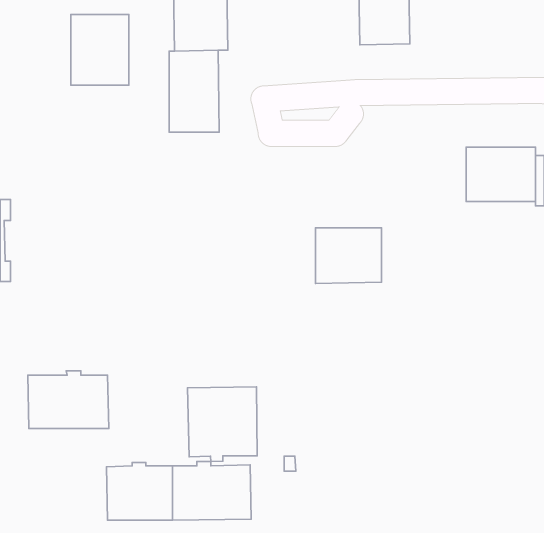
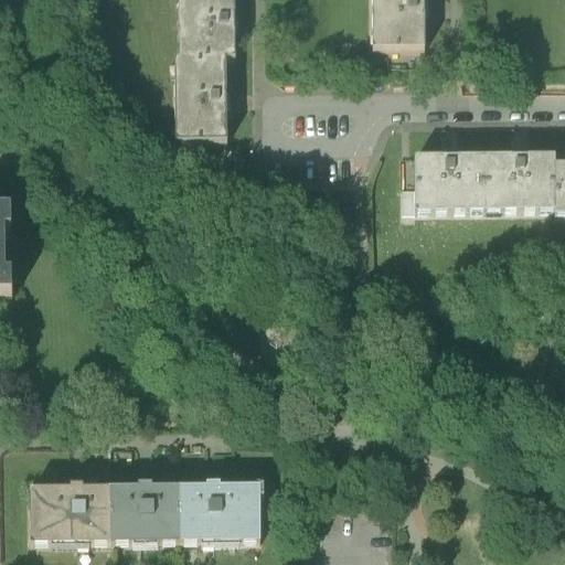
building: [71,14,129,85] -> none
building: [316,228,382,283] -> [415,152,483,210]
building: [28,371,109,429] -> [28,479,111,539]
building: [188,387,257,462] -> none

